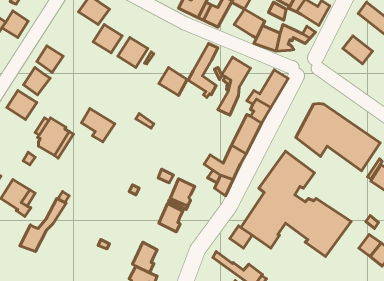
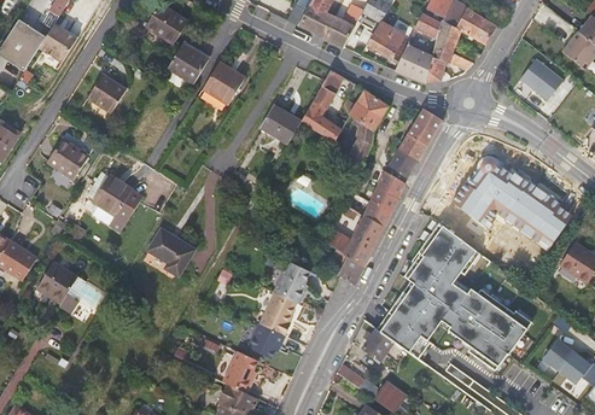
building: none -> [436,19,461,52]
building: [23,68,50,95] -> none
building: [81,108,115,142] -> [147,229,194,276]
building: [20,198,66,252] -> none
building: none -> [247,322,285,358]

